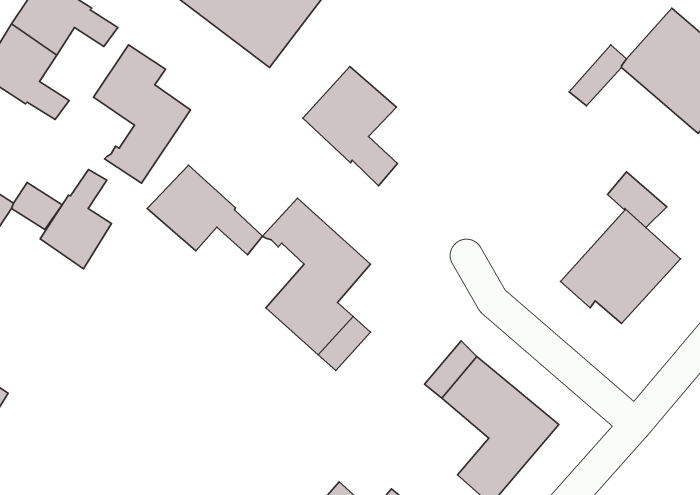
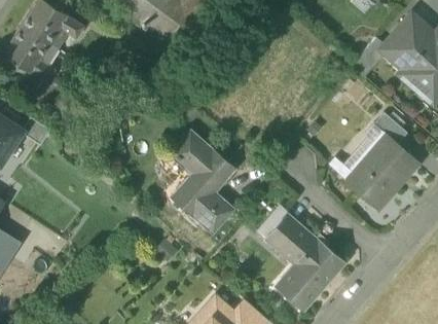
building: [93,45,190,183] -> none
building: [303,66,397,186] -> none
building: [147,165,263,255] -> none
building: [40,170,112,269] -> none

